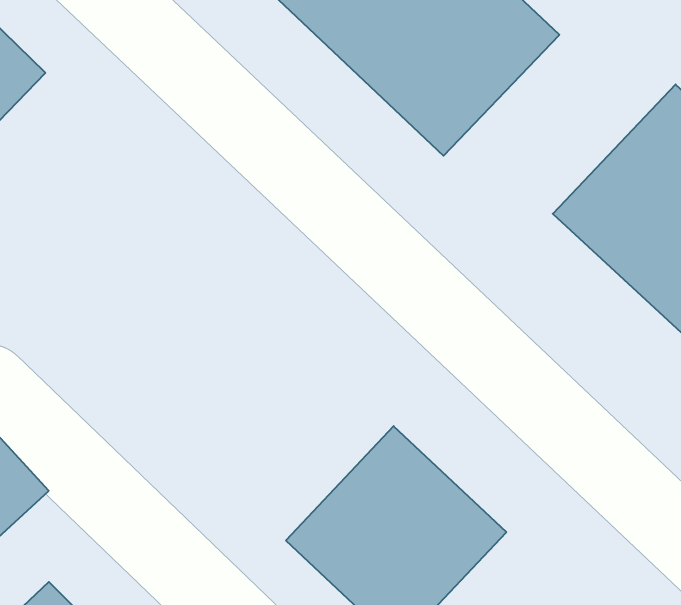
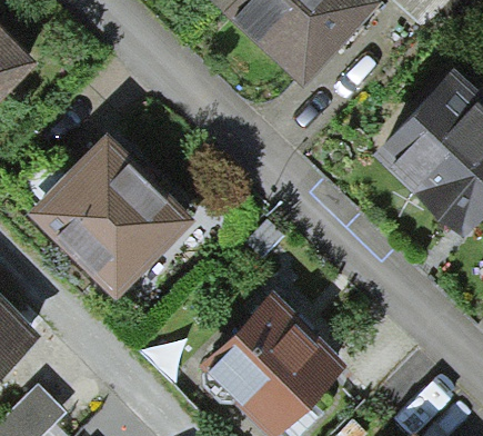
building: none -> [14,125,198,290]

